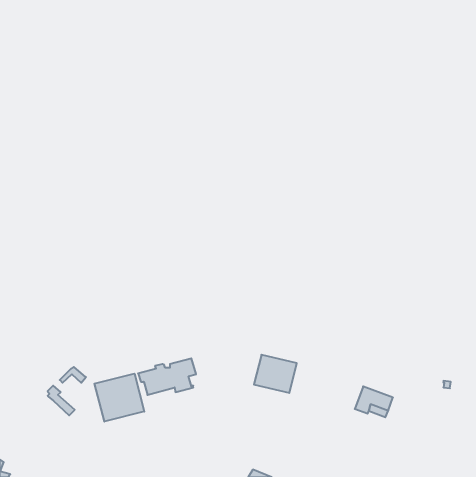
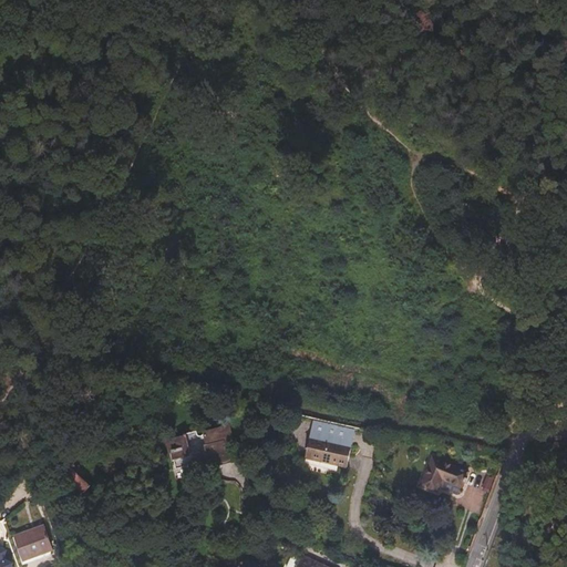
building: [94,374,144,422] -> none
building: none -> [14,526,50,560]

